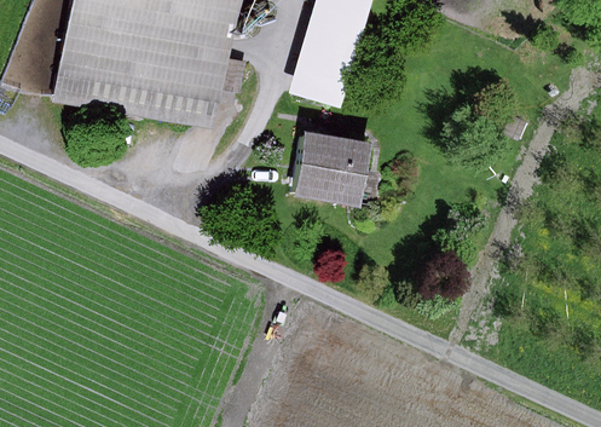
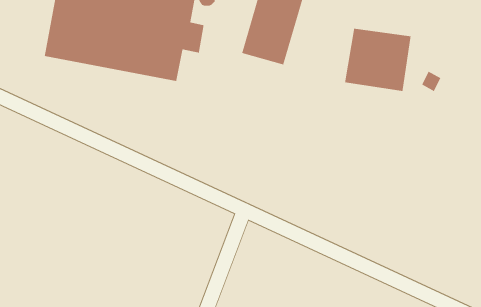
building: [290,128,370,204] -> [344,28,411,92]

